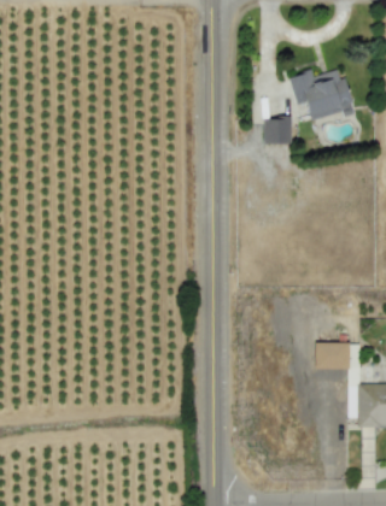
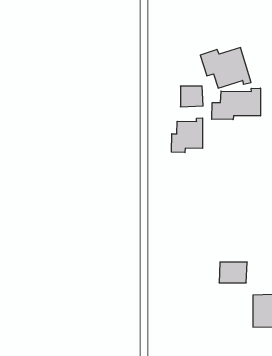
building: none -> [212,88,260,120]
building: none -> [171,118,202,153]

